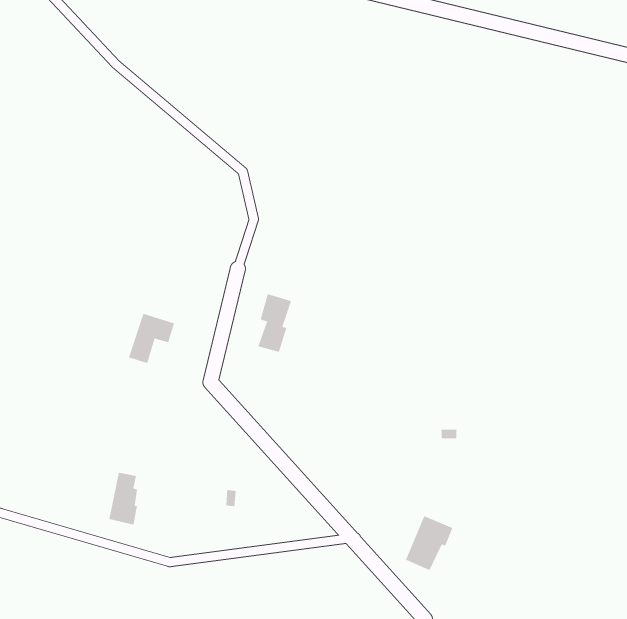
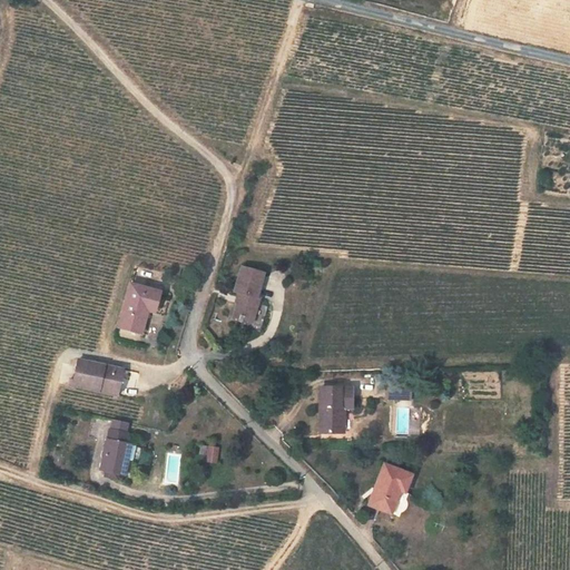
building: none -> [66,356,118,393]
building: none -> [321,389,354,433]

